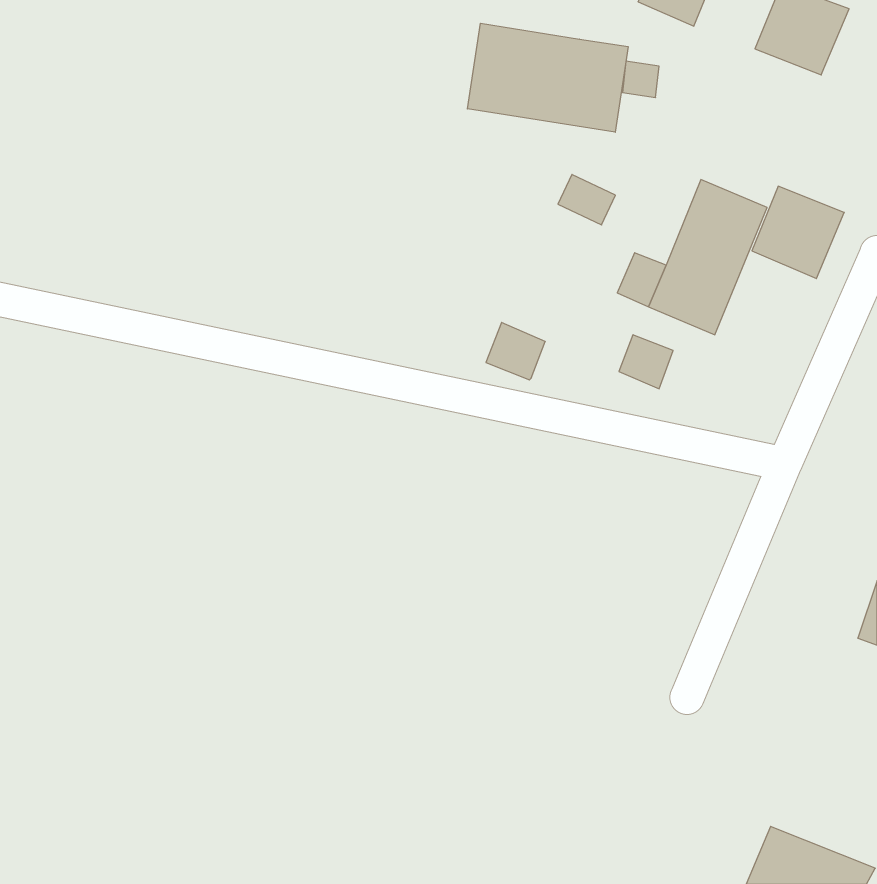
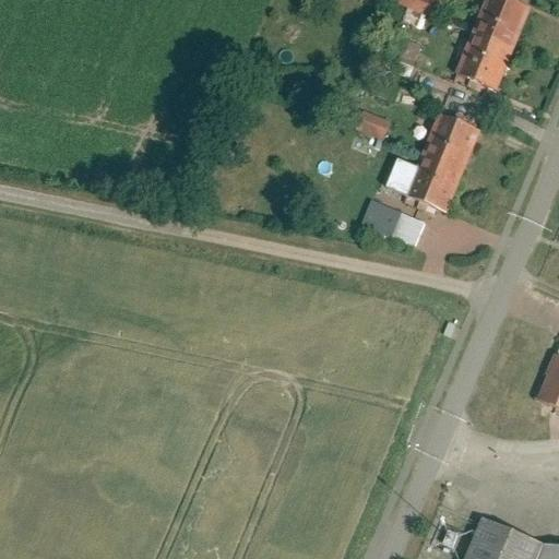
building: [467,23,628,132] -> none
building: [752,186,844,279] -> [456,31,514,88]
building: [486,322,545,380] -> [359,198,396,234]

